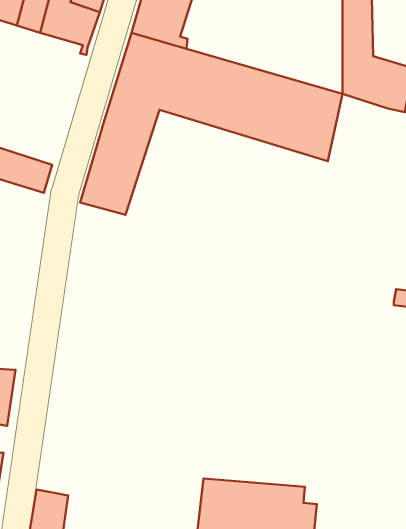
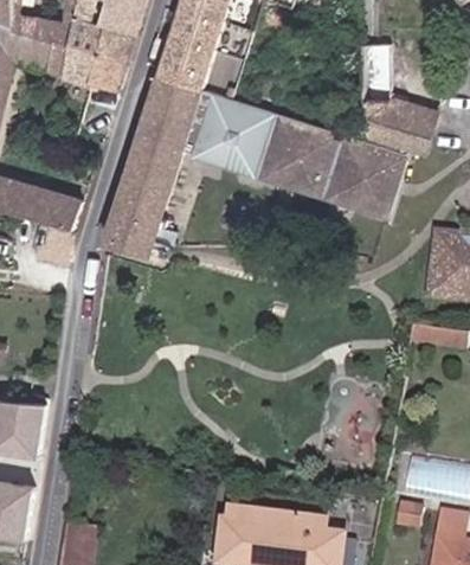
building: none -> [348,135,406,212]

